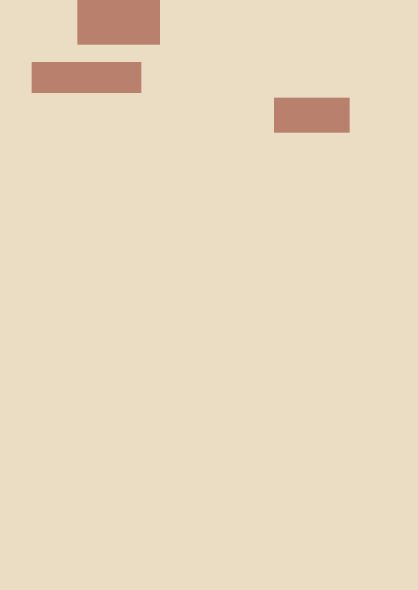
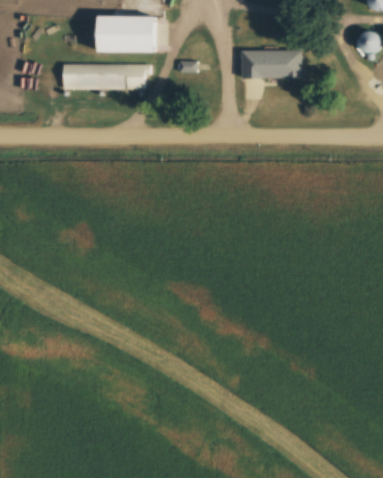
building: [273,97,351,134] -> [241,50,300,78]

